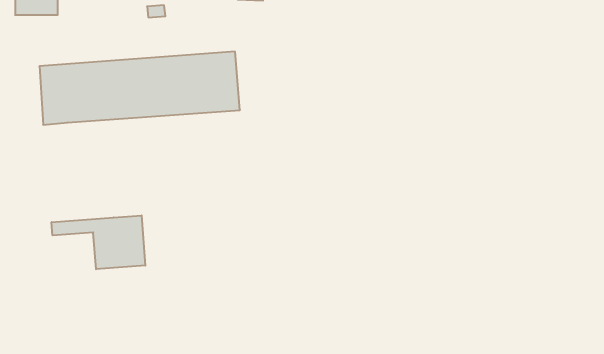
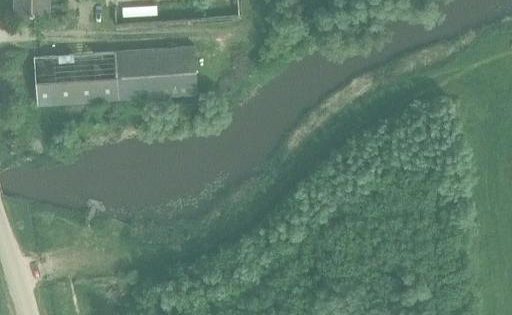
building: [52,215,145,269] -> none

